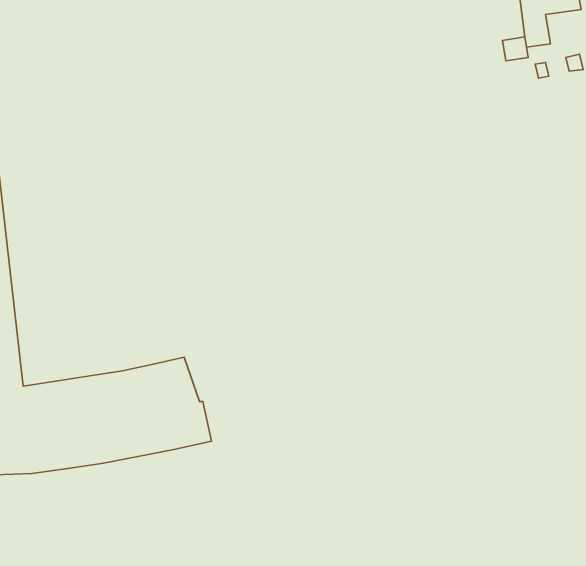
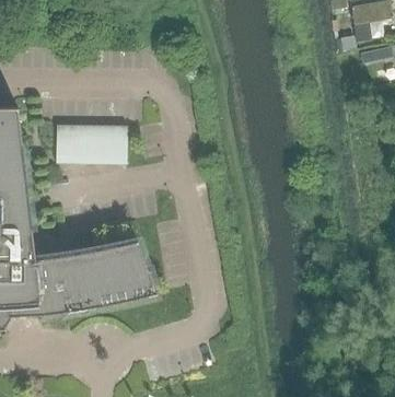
building: none -> [57,124,128,163]

